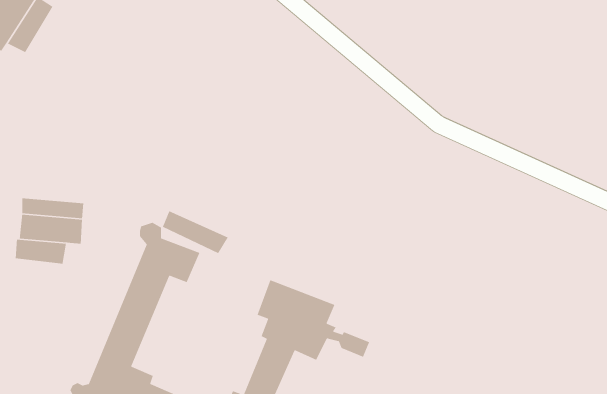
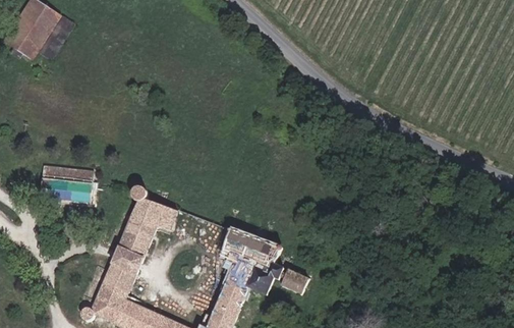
building: [162,210,229,254] -> none
building: [15,239,67,264] -> none

